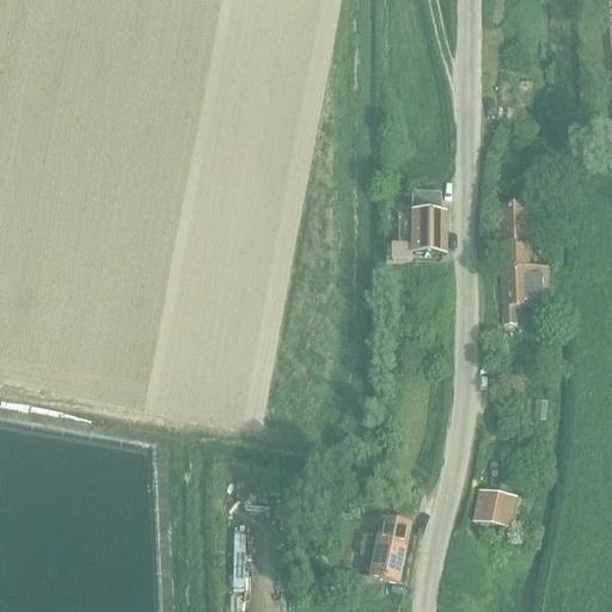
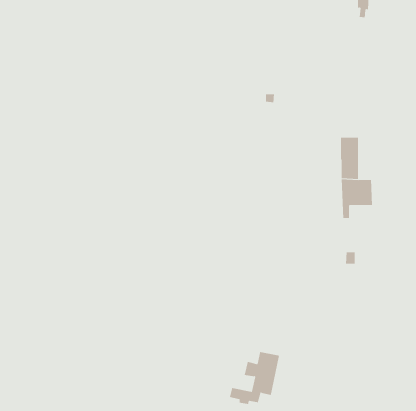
building: [411,189,445,249] -> none
building: [473,486,512,524] -> none

